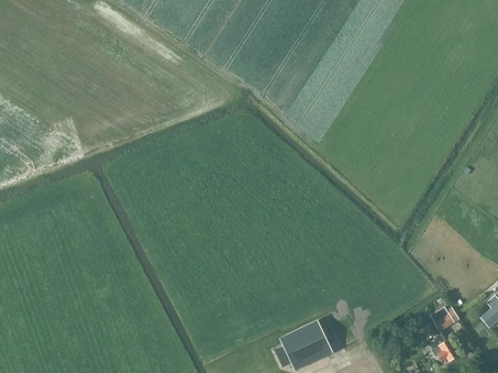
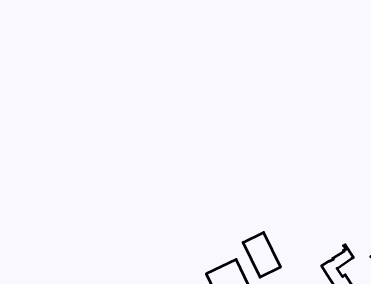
building: none -> [243,232,280,277]

